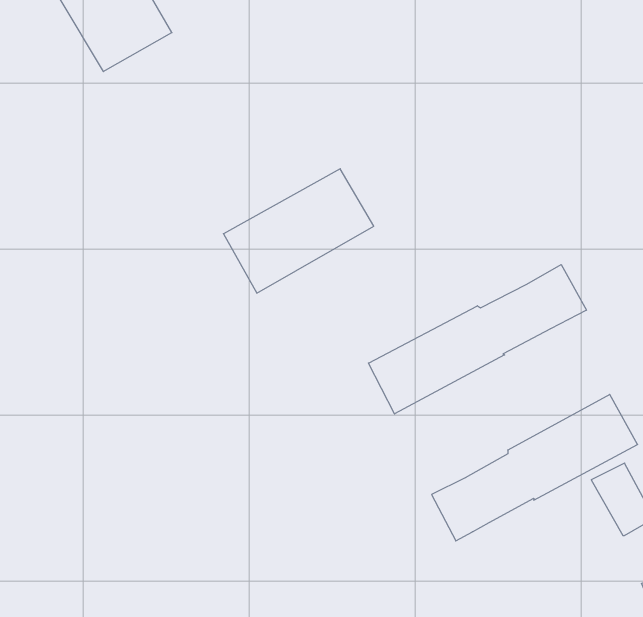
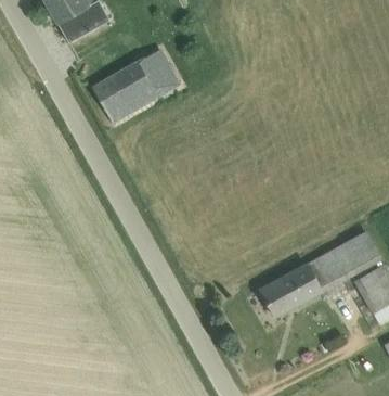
building: [223,169,374,293] -> [93,50,181,123]
building: [368,265,586,414] -> none

